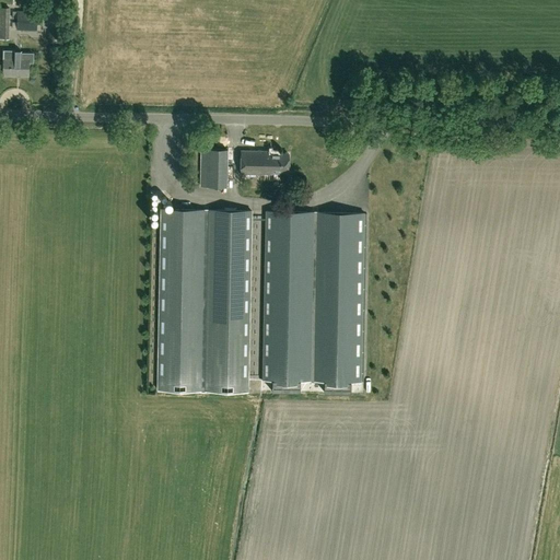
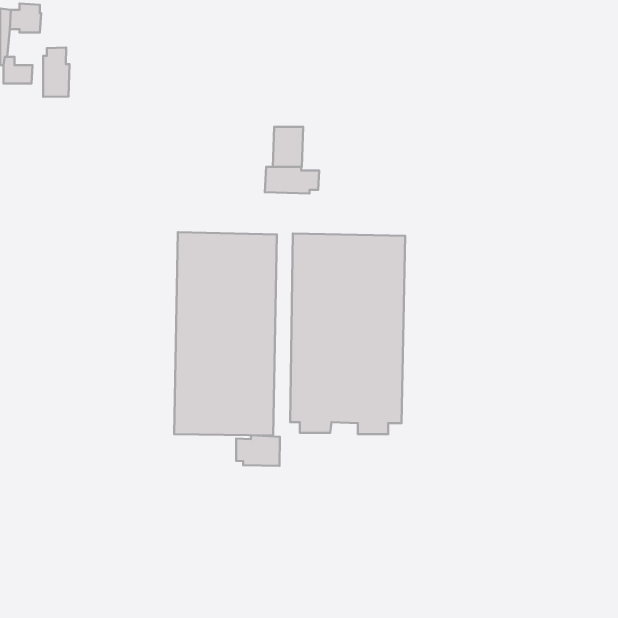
building: none -> [43,48,69,97]
building: [200,149,228,185] -> [273,127,303,167]
building: none -> [236,435,280,466]

